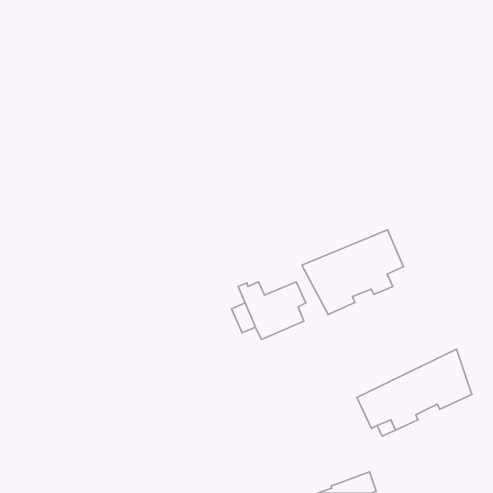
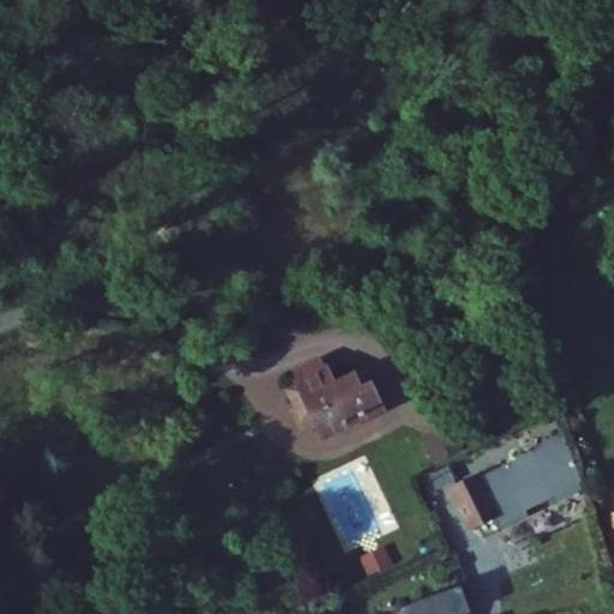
building: [302,230,403,315] -> none

